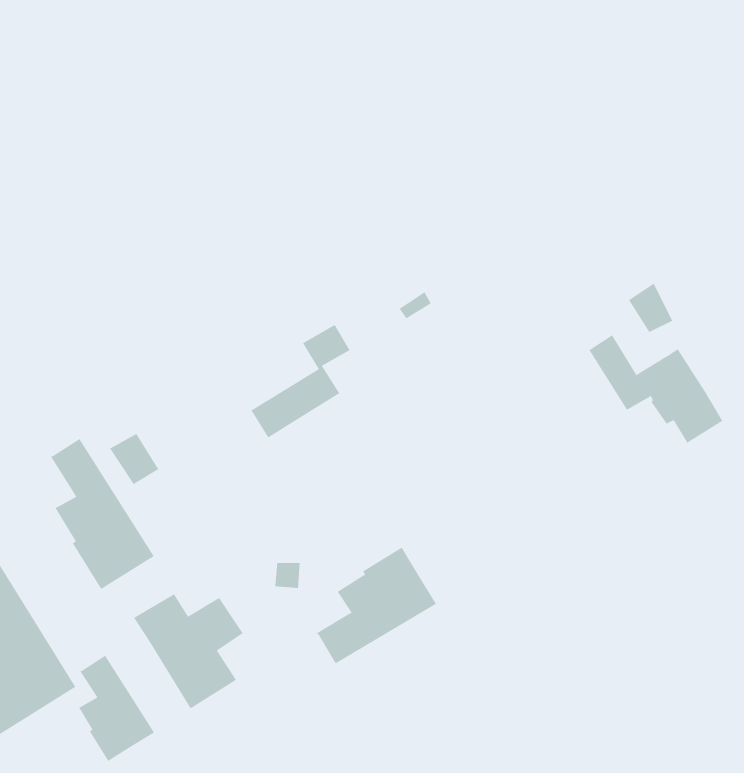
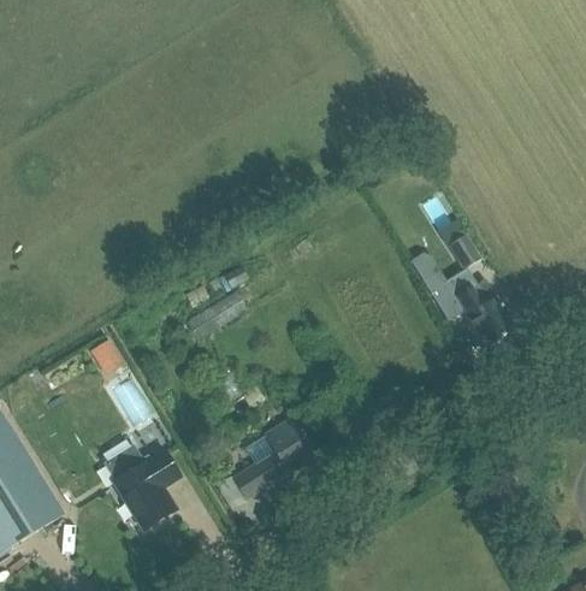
building: [50,438,154,590] -> none
building: [78,655,155,762] -> none

